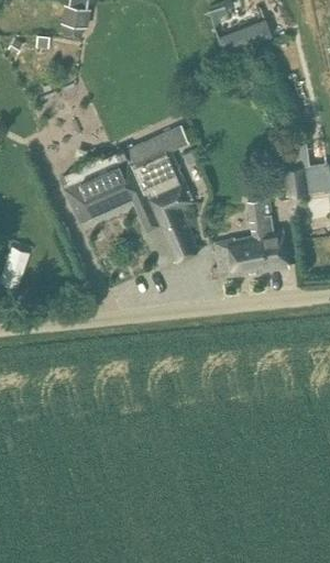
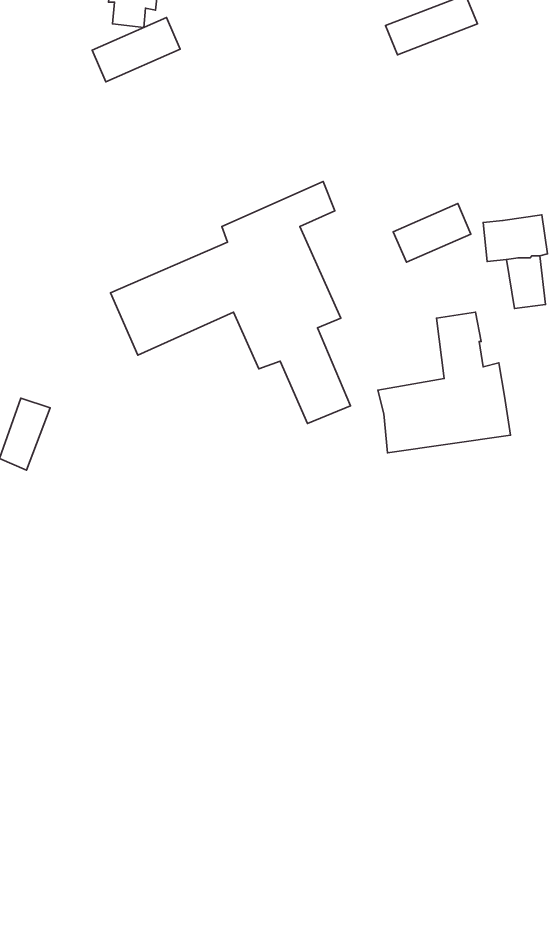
building: none -> [92,18,180,82]
building: none -> [393,203,471,262]

